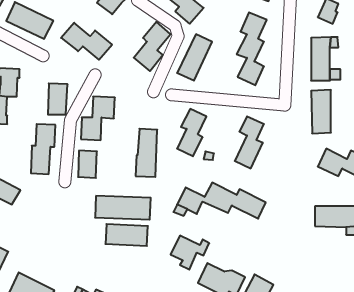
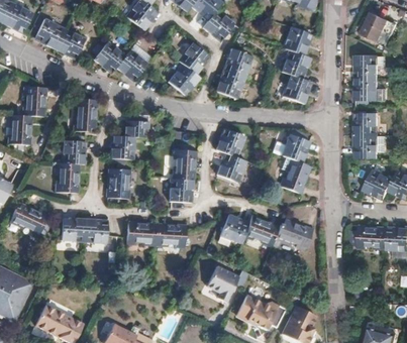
building: [105,224,148,246] -> [60,221,105,244]

